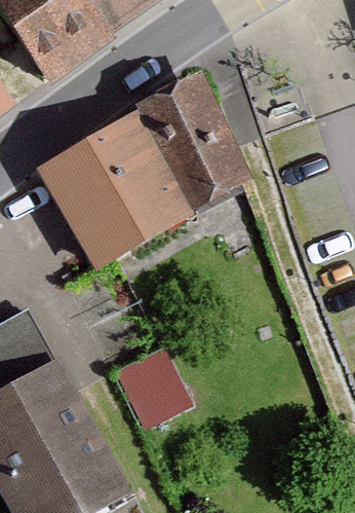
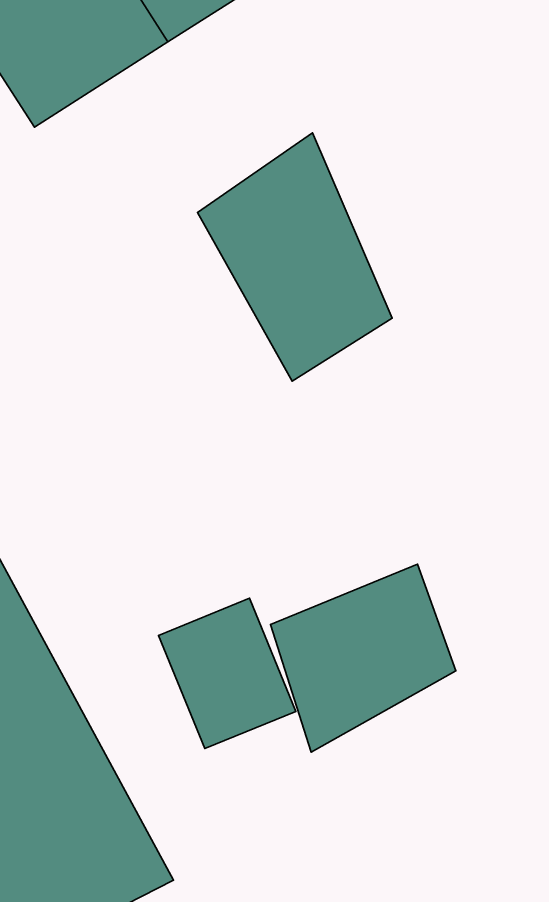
building: [42,121,192,269] -> none
building: none -> [271,564,456,752]

